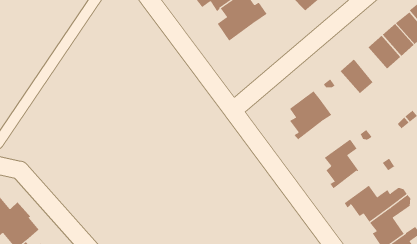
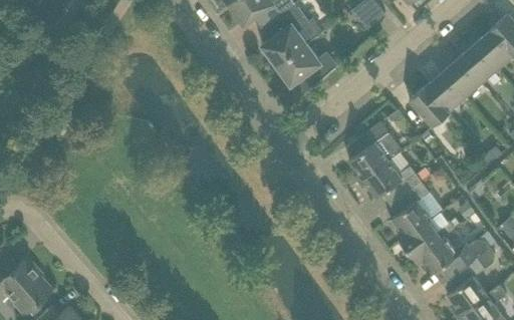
building: none -> [276,43,335,89]
building: none -> [426,72,465,113]
building: none -> [358,152,421,204]
building: none -> [401,220,455,258]

